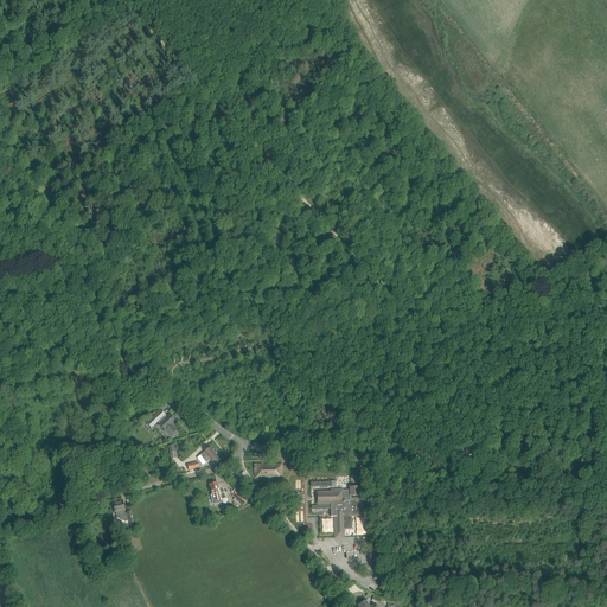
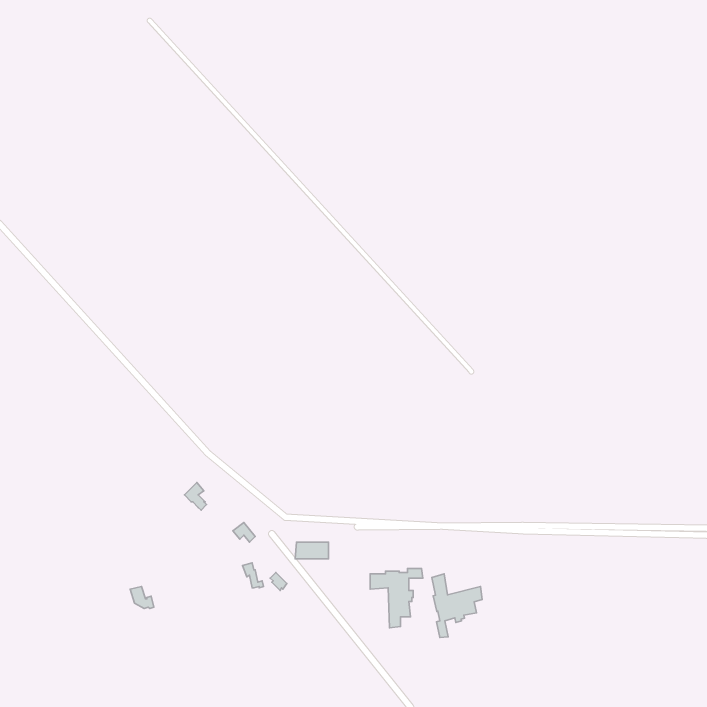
building: none -> [432,574,482,638]

